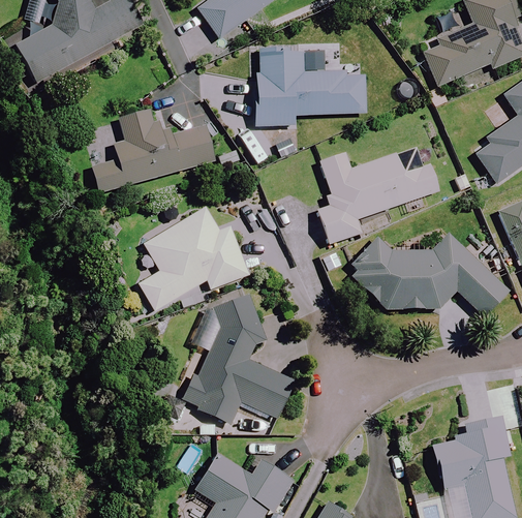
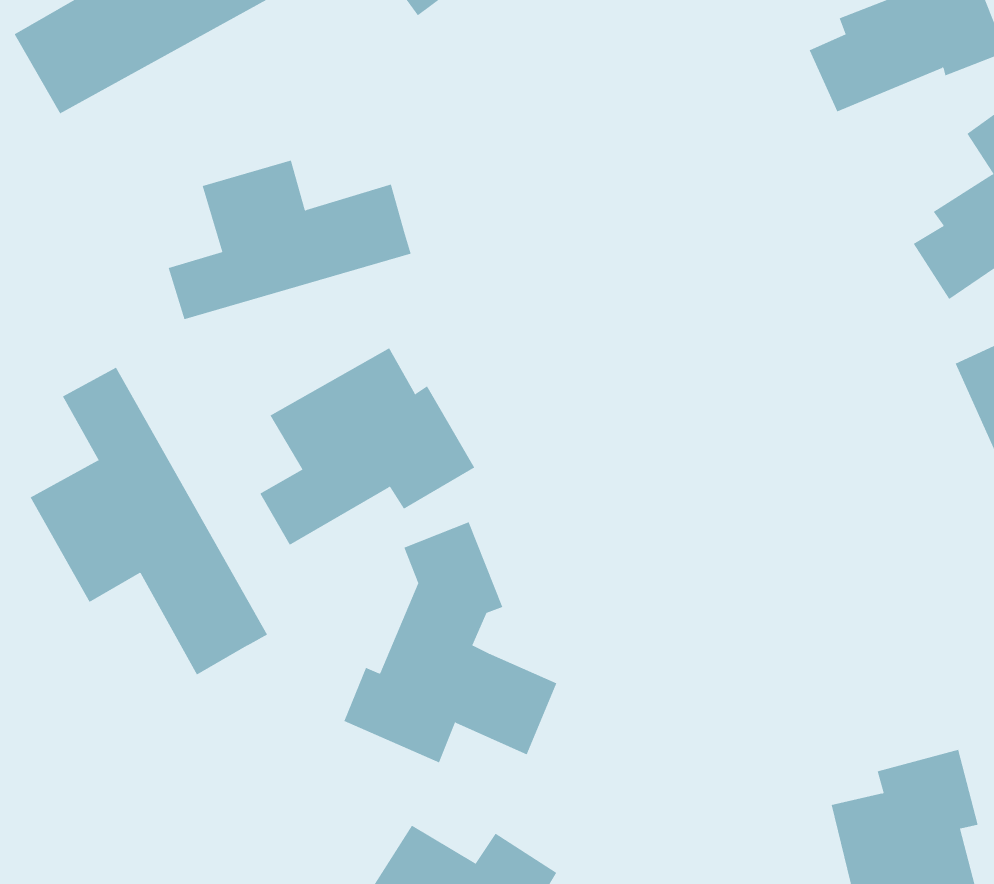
building: [255,45,364,126] -> none
building: [317,146,439,243] -> none
building: none -> [30,367,268,676]
building: [355,233,508,315] -> none

